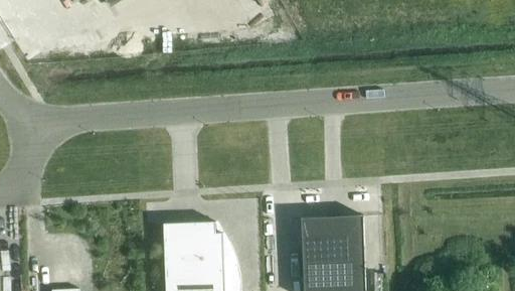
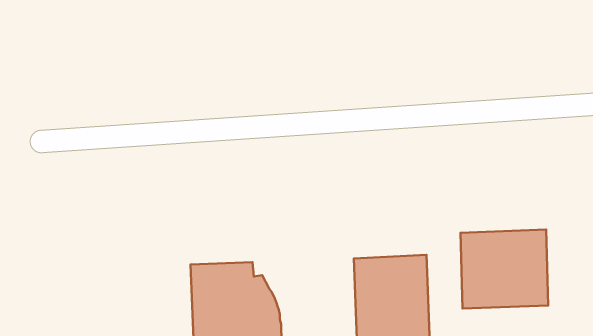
building: none -> [461,230,548,309]

